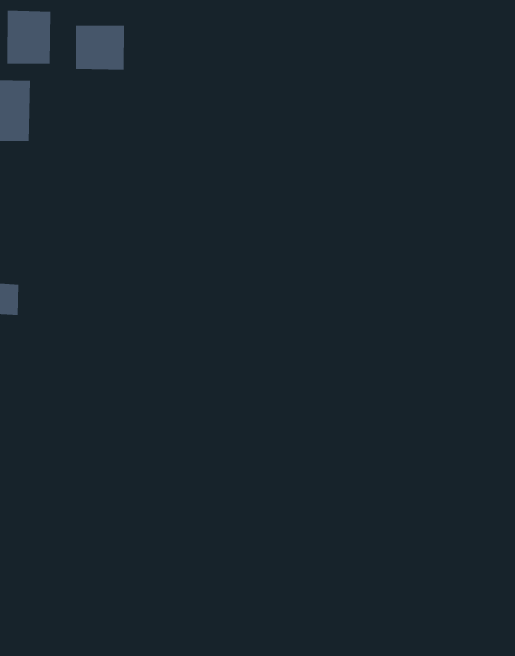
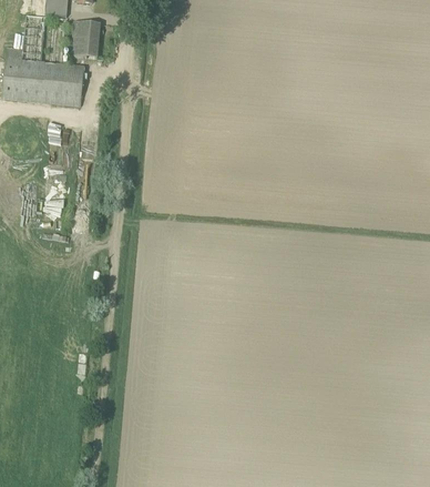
building: [75,25,125,71] -> none

